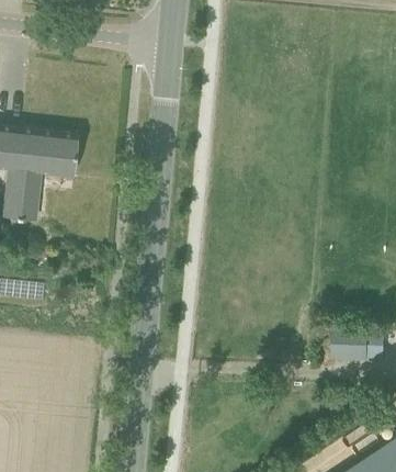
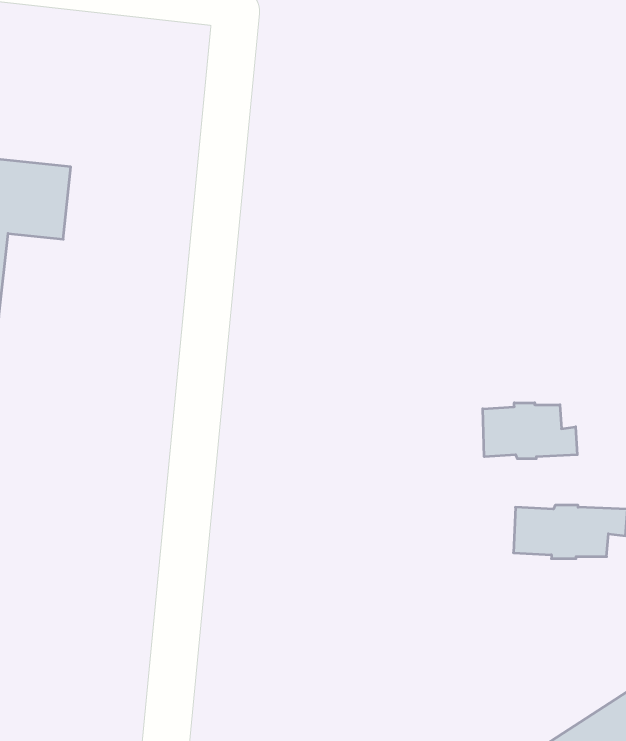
building: none -> [483,403,577,459]

